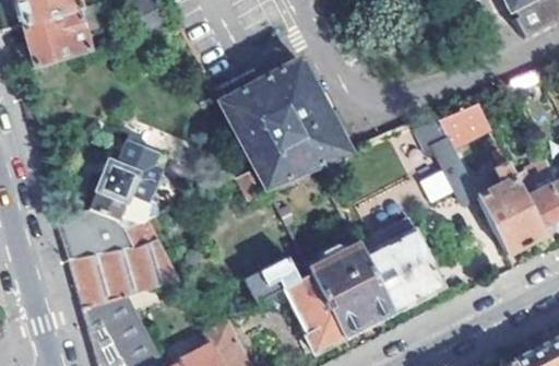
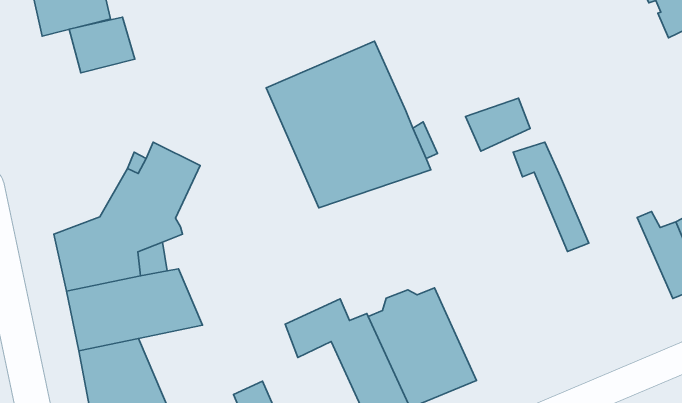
building: none -> [69,17,135,73]
building: [436,103,487,146] -> [465,98,530,151]
building: [476,147,545,255] -> none
building: [358,214,447,310] -> none

